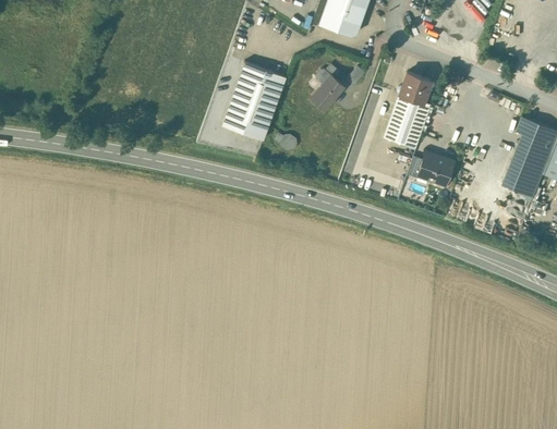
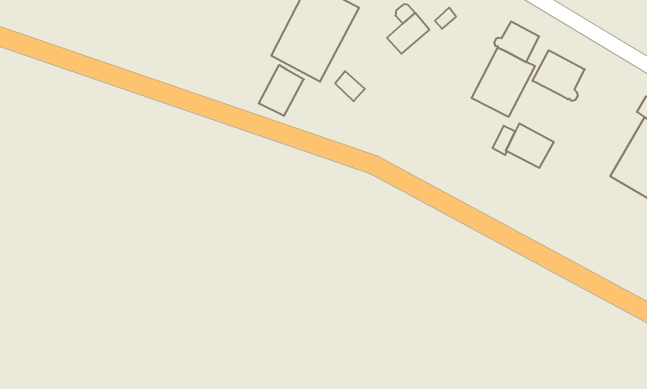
building: none -> [532,50,585,101]
building: none -> [259,65,304,116]

